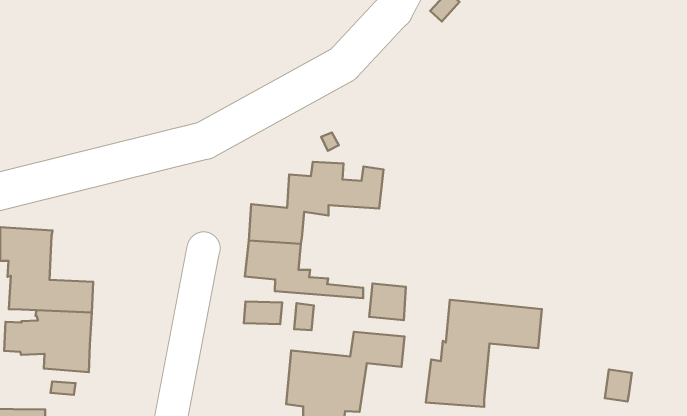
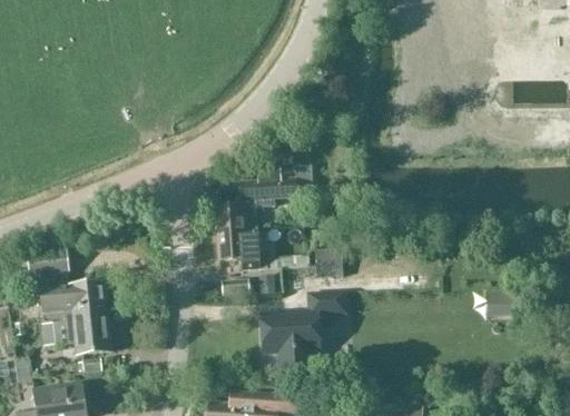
building: [426,300,542,407] -> none

